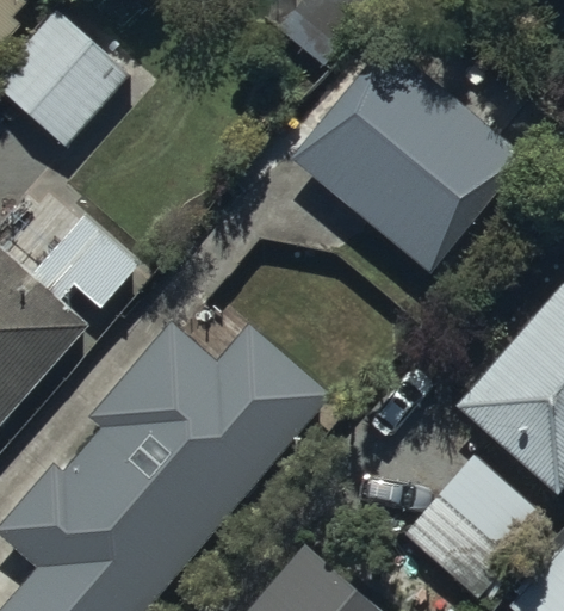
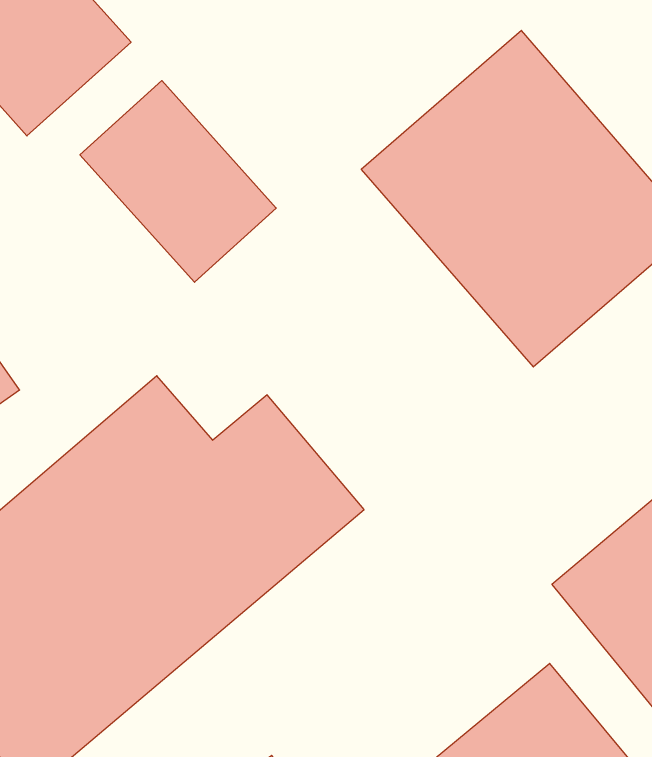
building: none -> [80,81,276,282]

